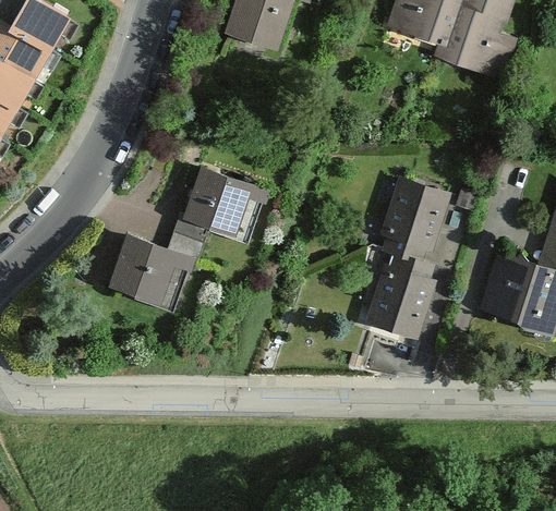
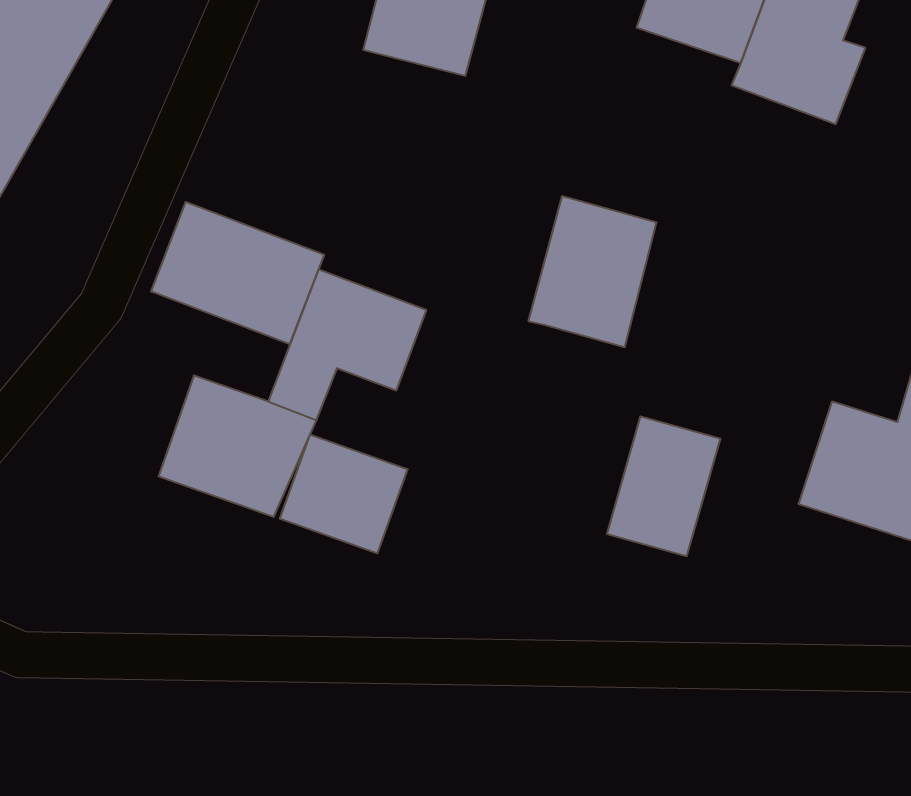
building: none -> [151,202,324,344]
building: [377,179,452,267] -> [528,196,657,347]
building: none -> [280,434,408,553]

